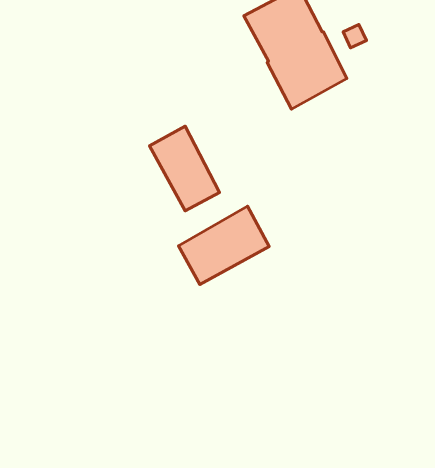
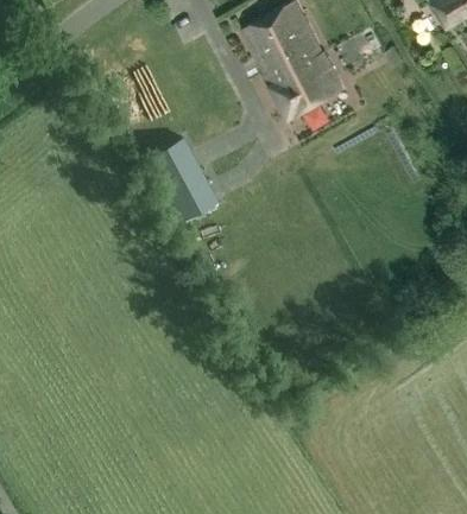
building: [179,206,269,284] -> none

